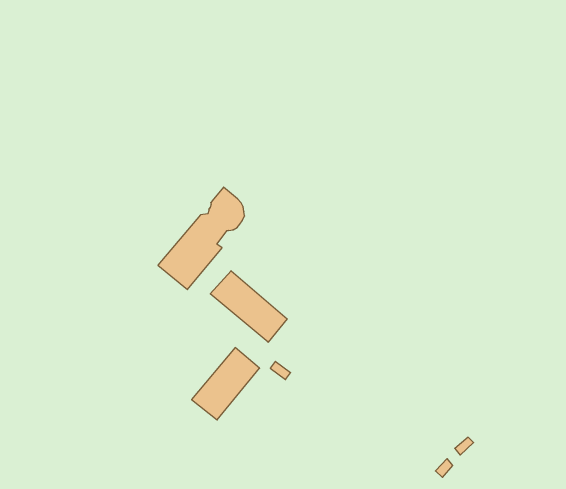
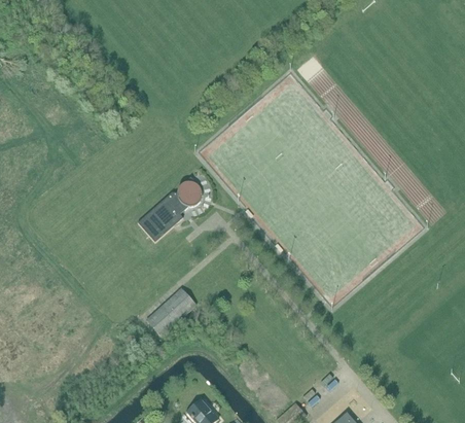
building: [210,271,287,342] -> none

